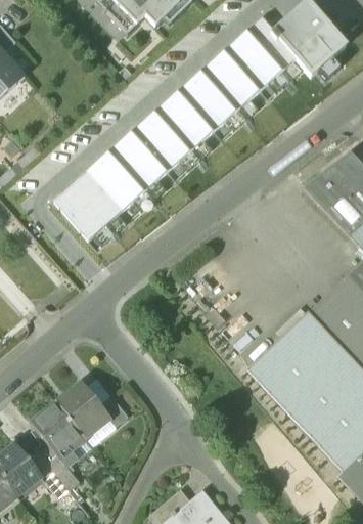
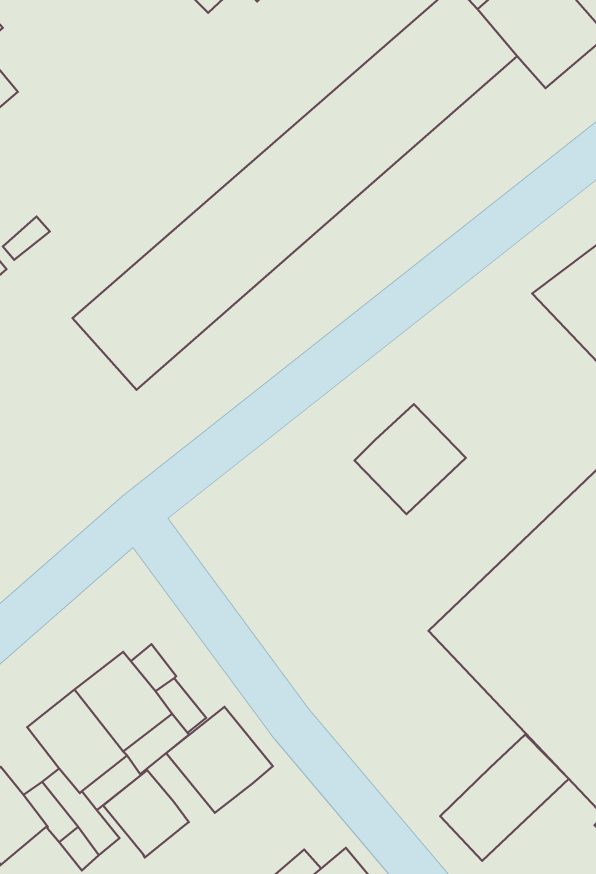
building: none -> [354,404,466,514]
building: none -> [166,707,273,813]
building: none -> [440,735,569,861]
building: none -> [103,770,189,858]

